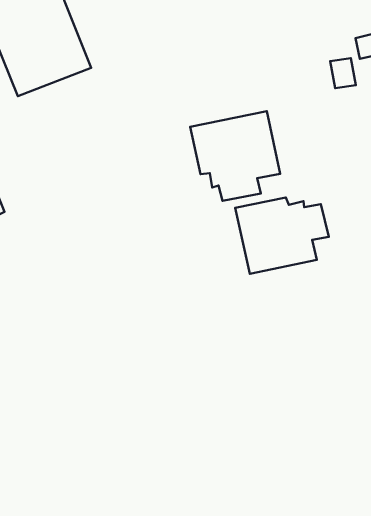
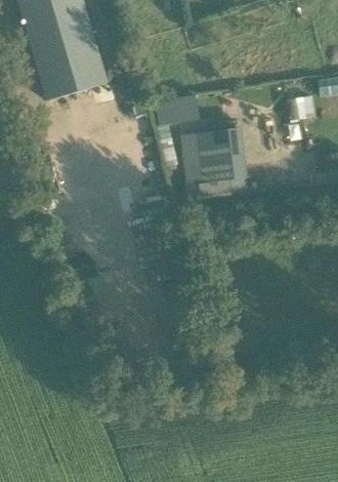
building: none -> [156,95,198,124]
building: [235,197,329,274] -> none

